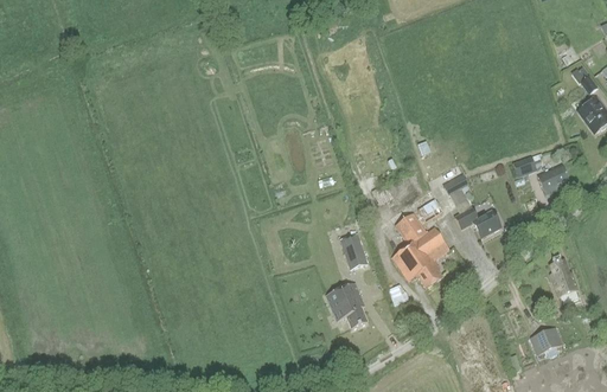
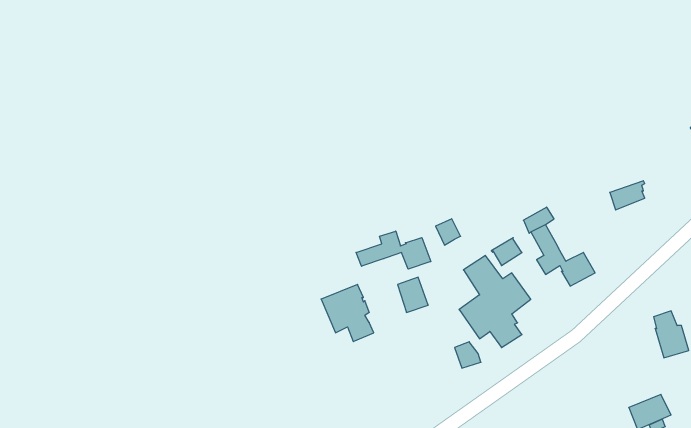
building: [537,163,568,194] -> none
building: none -> [356,231,431,269]
building: [325,282,368,328] -> [321,284,374,342]

